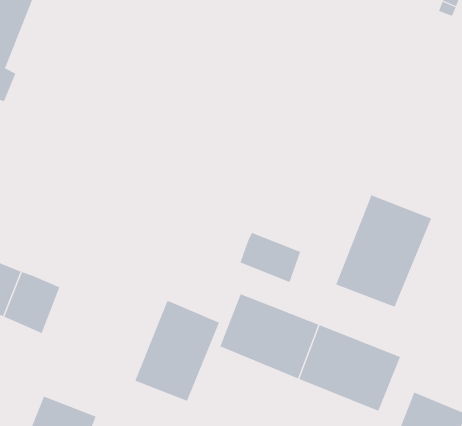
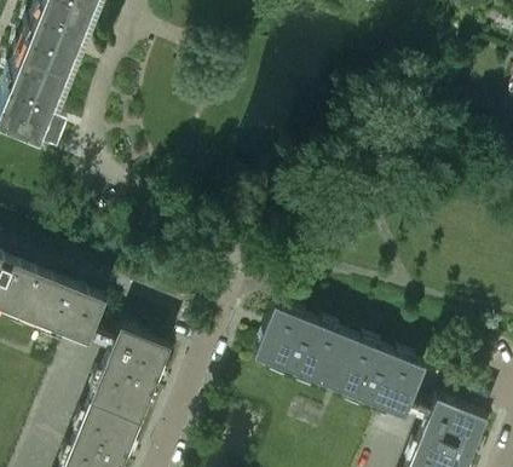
building: [335,194,432,308] -> none
building: [240,232,301,283] -> none
building: [134,301,220,402] -> [92,328,172,422]

